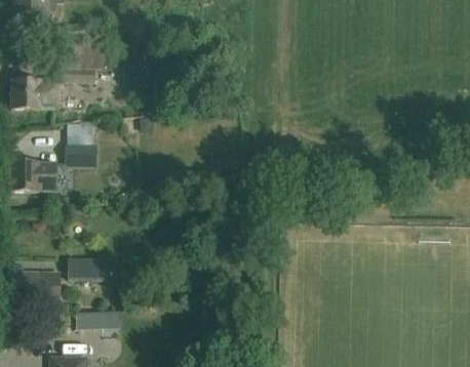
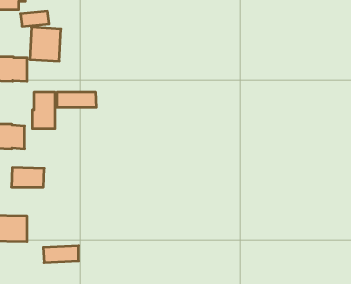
building: none -> [57,92,96,107]
building: [69,255,109,279] -> [11,168,44,187]

